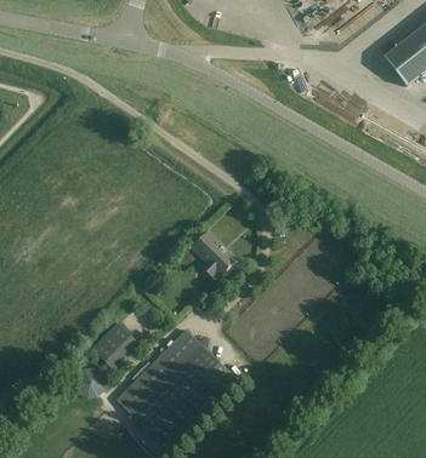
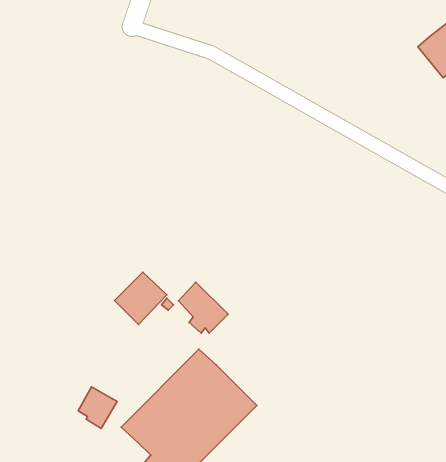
building: [191,230,235,276] -> [178,282,228,333]
building: [91,322,138,370] -> [115,272,167,325]

